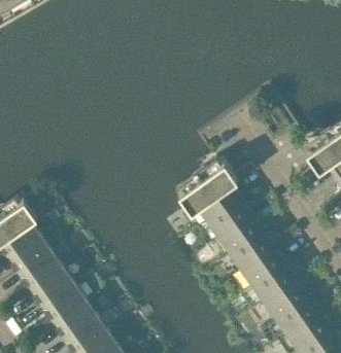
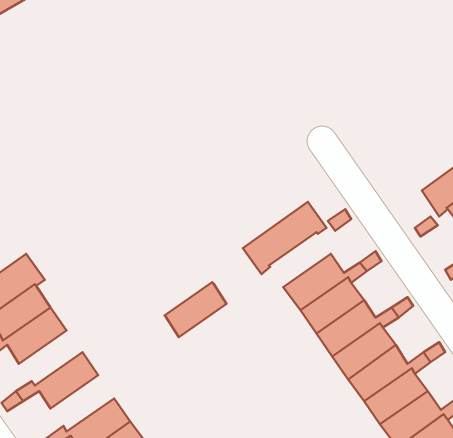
building: [194,181,238,220] -> [164,282,227,337]
building: [15,251,61,290] -> none
building: [38,283,83,323] -> none

